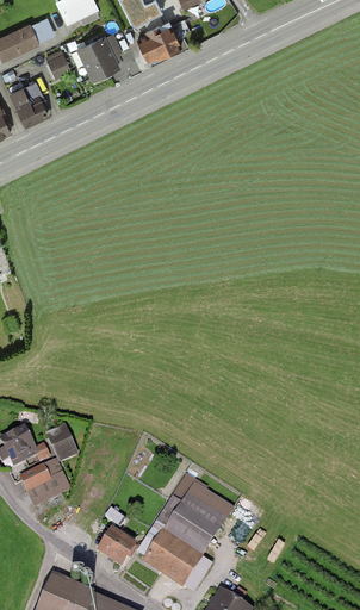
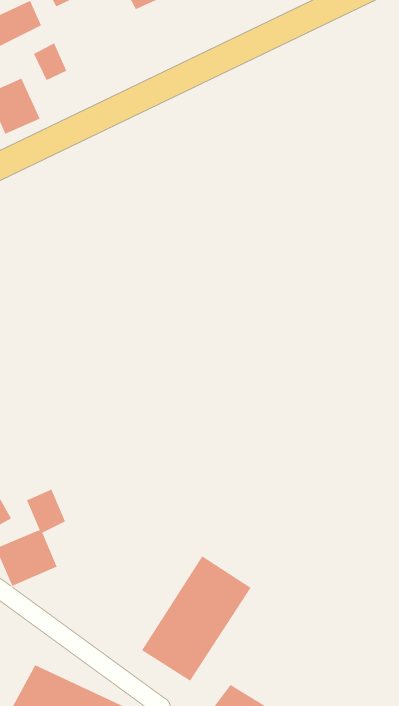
building: [141,24,180,58] -> none
building: [76,33,123,83] -> none
building: [92,529,130,566] -> none

